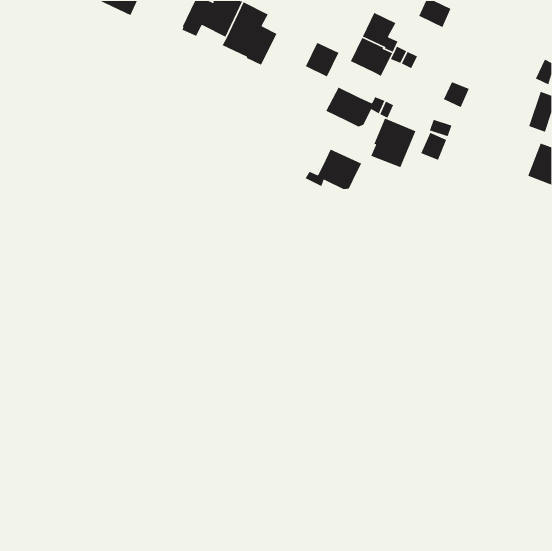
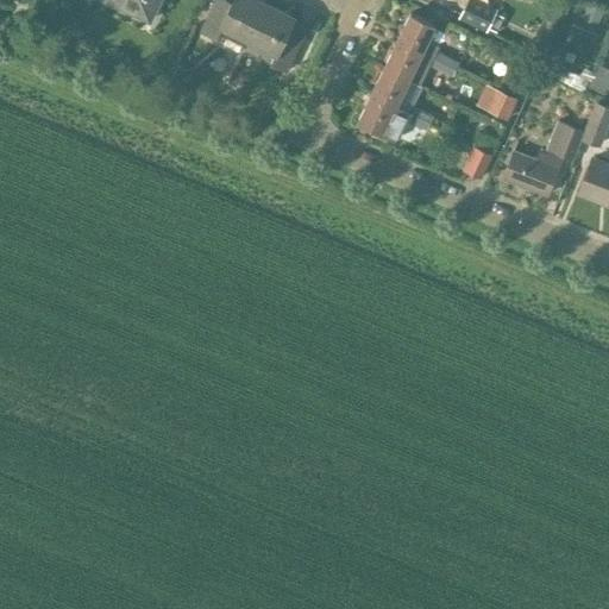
building: [305,42,339,77] -> [372,69,410,108]
building: none -> [546,120,584,159]
building: [370,118,416,168] -> none
building: none -> [504,151,563,195]
building: [304,148,362,190] -> none

